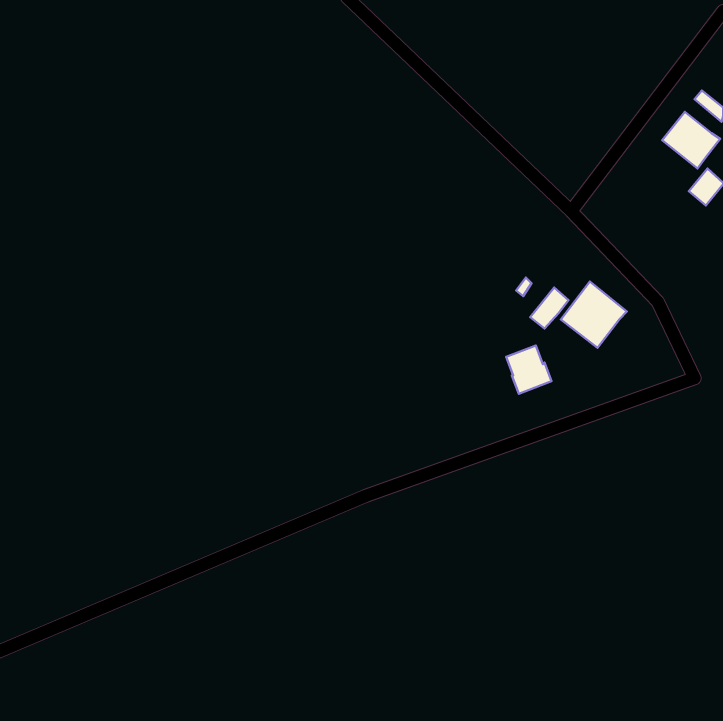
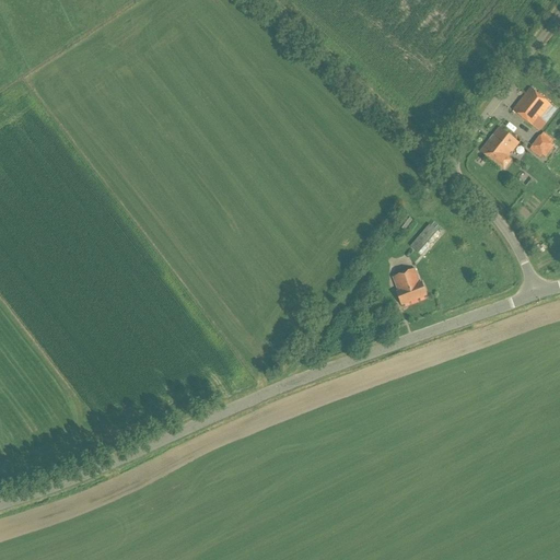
building: none -> [479,126,517,167]
building: [561,282,627,348] -> none

